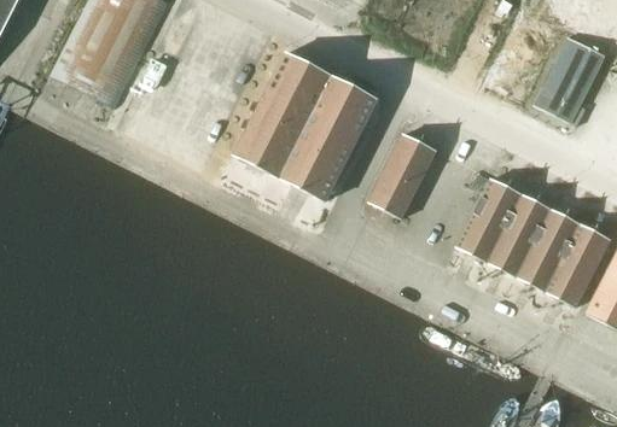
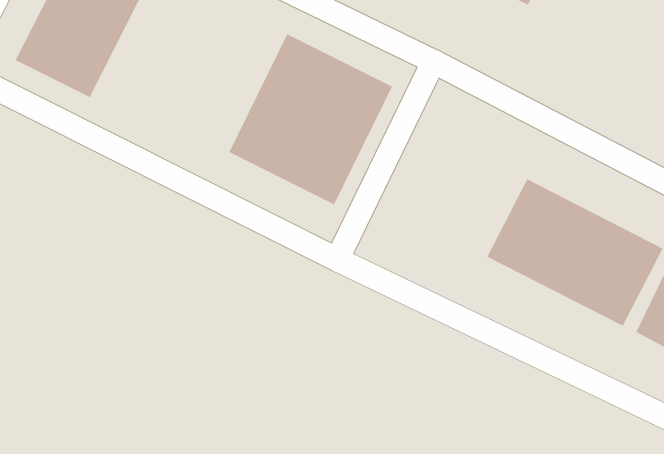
building: [534,36,604,123] -> none
building: [368,133,436,217] -> none

